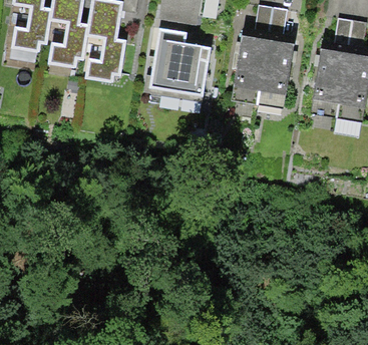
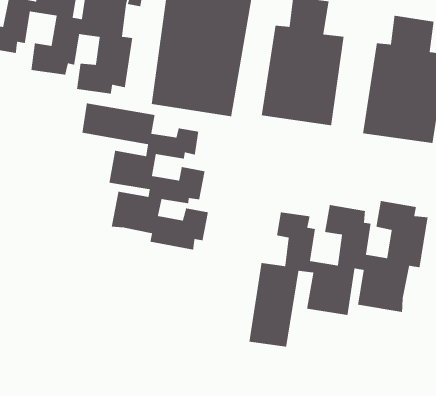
building: none -> [81,103,209,250]
building: none -> [249,200,429,348]

